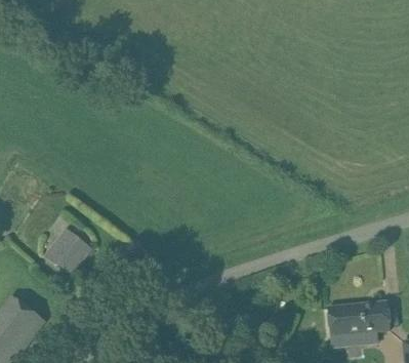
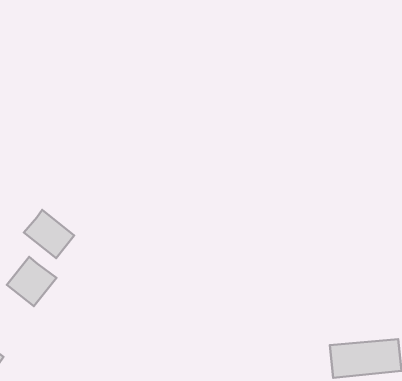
building: none -> [24,210,74,258]

